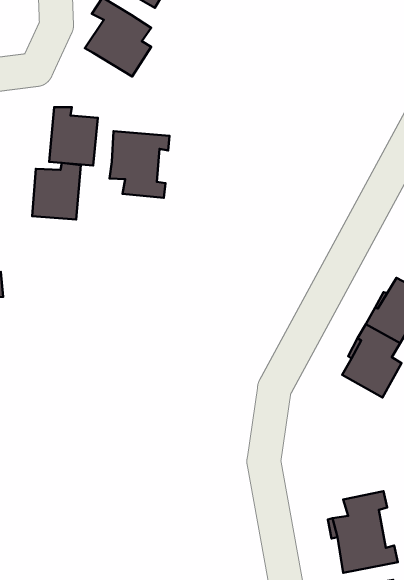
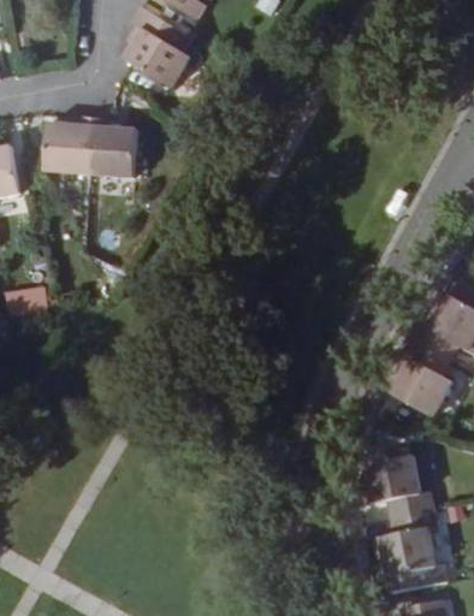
building: [109,131,170,198] -> none
building: [32,163,81,220] -> [47,117,96,174]
building: none -> [363,451,431,517]

